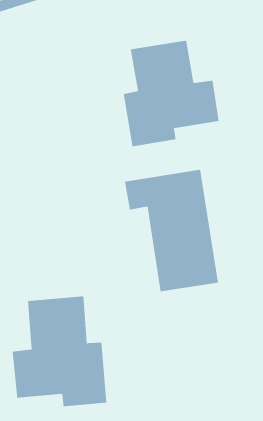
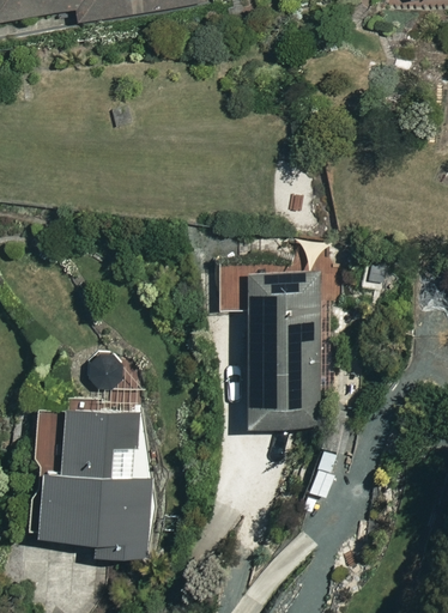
building: [123,40,219,147] -> none

